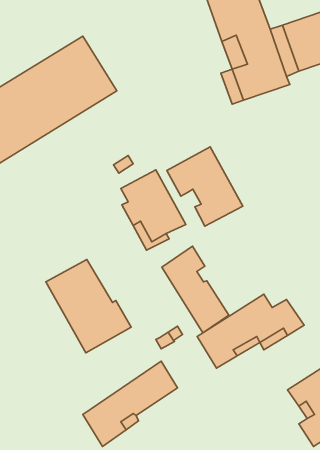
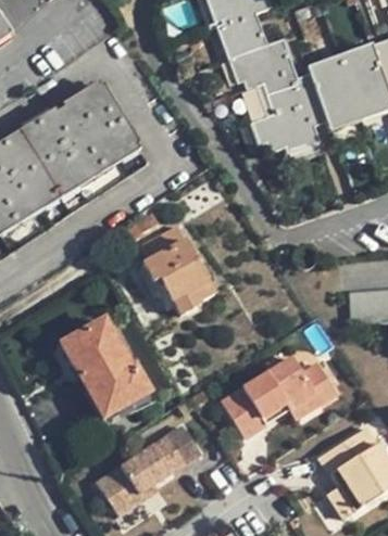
building: [167,147,243,226] -> none
building: [162,246,229,333] -> none

